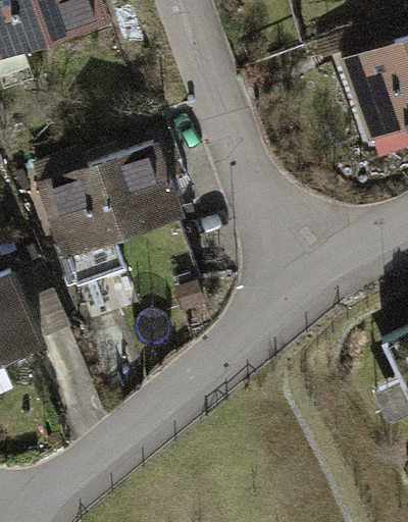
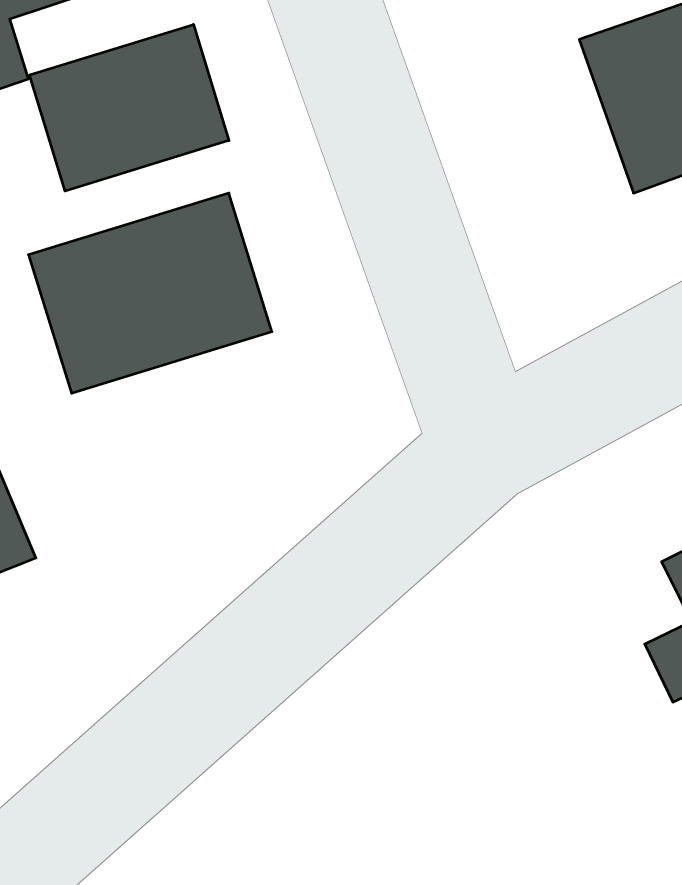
building: none -> [30,24,229,191]

